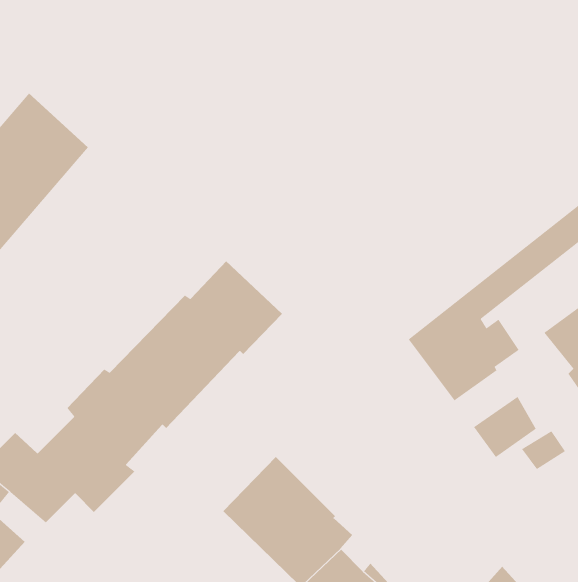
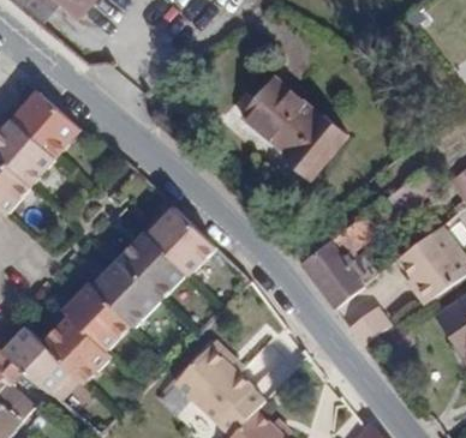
building: none -> [241,76,351,181]

